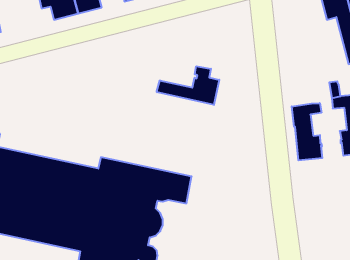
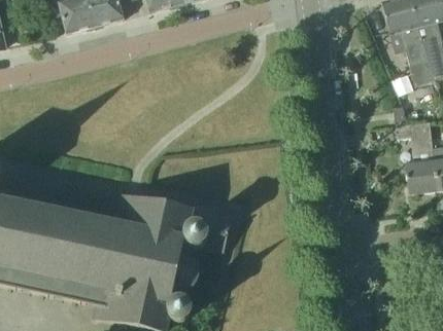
building: [157,66,219,105] -> none
building: [292,103,322,160] -> none

